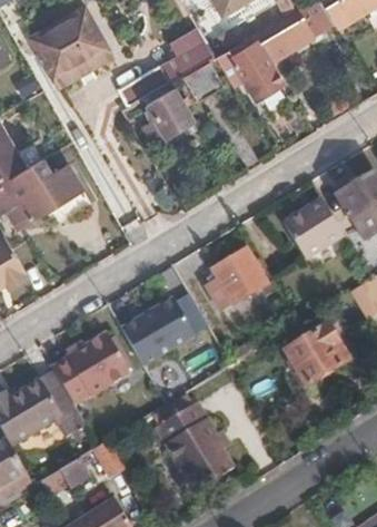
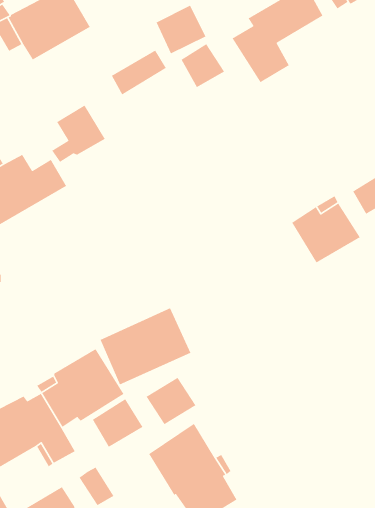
building: [146,88,195,140] -> [51,104,106,163]
building: [209,247,301,330] -> none
building: [285,324,349,386] -> none
building: none -> [92,398,143,448]

